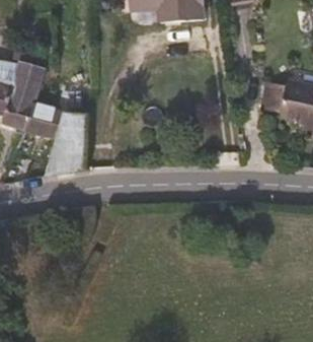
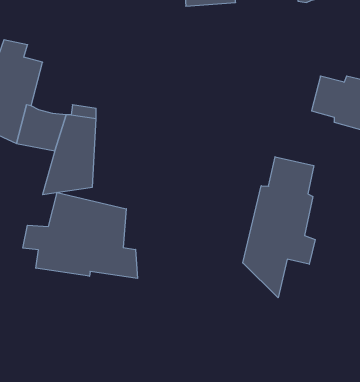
building: none -> [243,157,315,298]
building: none -> [23,192,138,278]

